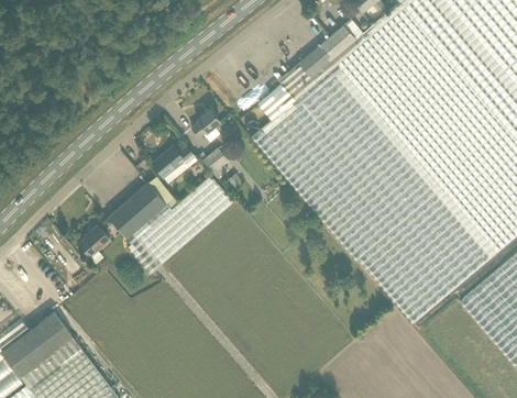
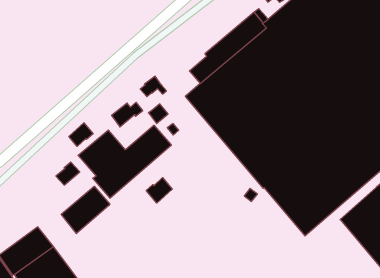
building: none -> [69,123,93,146]
building: none -> [146,178,172,203]
building: none -> [61,186,110,234]

